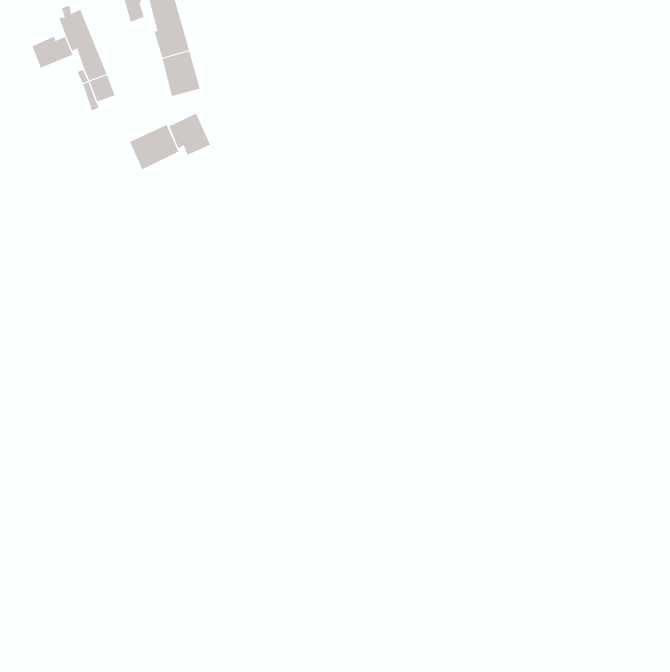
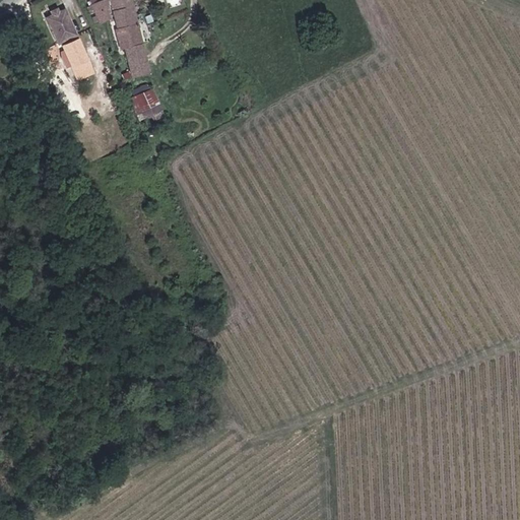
building: [32,36,73,69] -> none
building: [129,124,179,170] -> none

